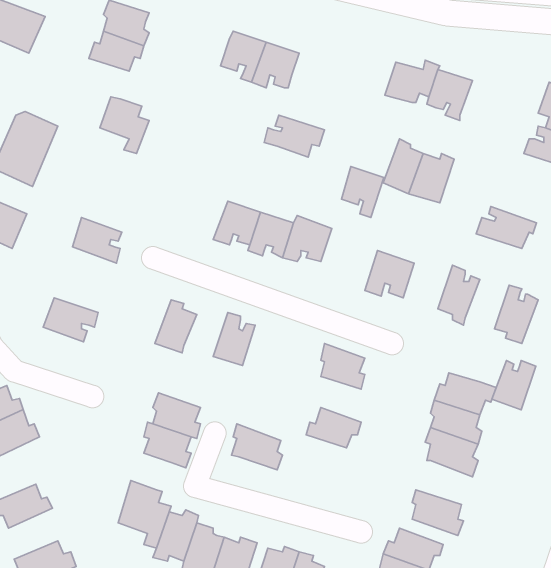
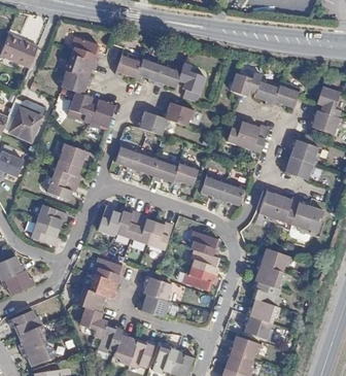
building: none -> [115,52,142,78]
building: none -> [177,62,206,93]
building: none -> [57,71,89,93]
building: none -> [272,80,301,105]
building: none -> [90,100,116,129]
building: none -> [136,111,169,134]
building: [342,166,384,218] -> [202,172,226,201]
building: none -> [289,136,318,163]
building: none -> [57,143,90,168]
building: none -> [115,144,141,172]
building: none -> [47,176,78,200]
building: none -> [116,210,141,238]
building: none -> [149,220,173,248]
building: none -> [32,221,60,246]
building: [492,361,536,410] -> [275,195,300,223]
building: none -> [194,250,218,275]
building: none -> [75,289,109,313]
building: none -> [138,295,172,317]
building: none -> [247,297,281,321]
building: none -> [18,323,46,352]

